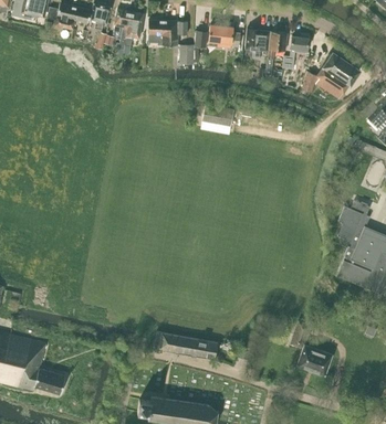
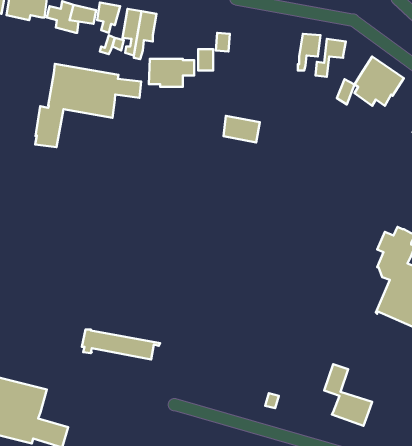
building: [147,20,187,44] -> [149,59,194,87]
building: [208,24,240,47] -> none
building: [244,26,271,59] -> none
building: none -> [35,64,141,147]
building: [154,331,222,358] -> [82,329,160,360]

